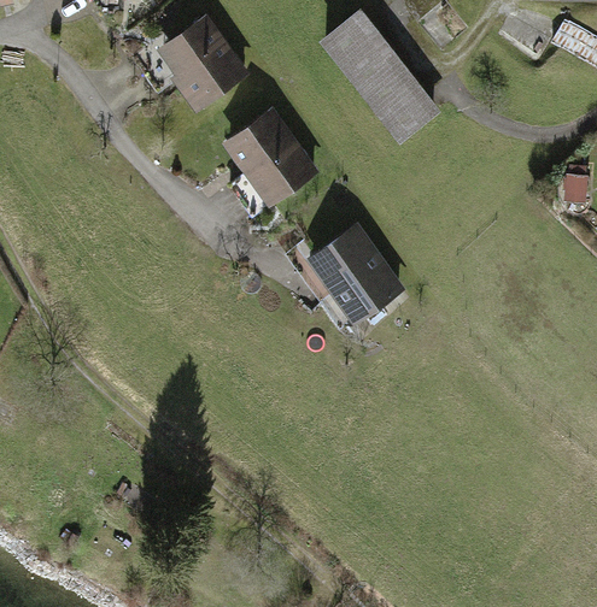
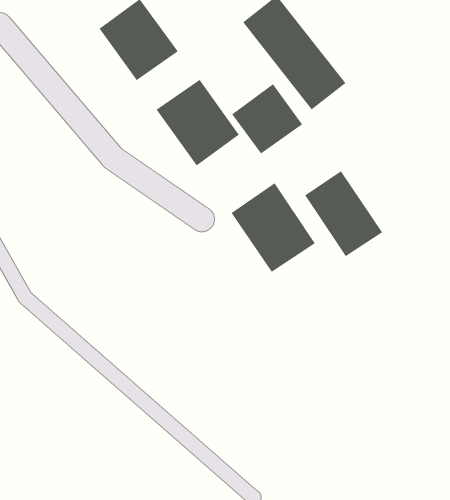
building: none -> [231,83,303,155]
building: none -> [304,170,383,257]

